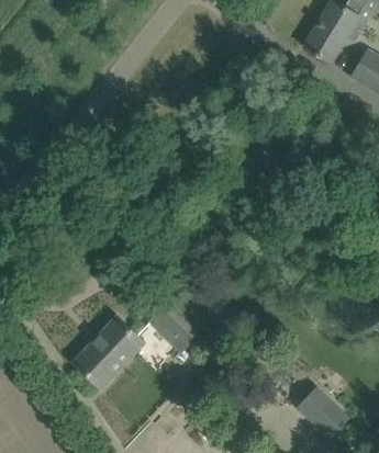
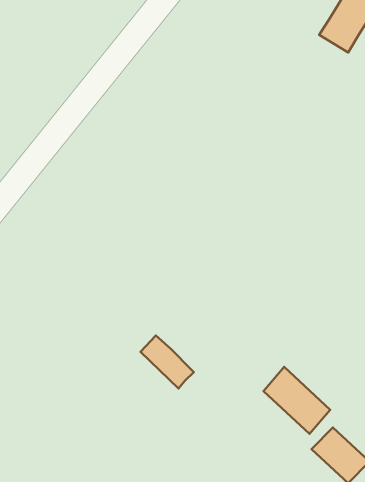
building: [75,317,142,385] -> none
building: none -> [263,367,330,434]

